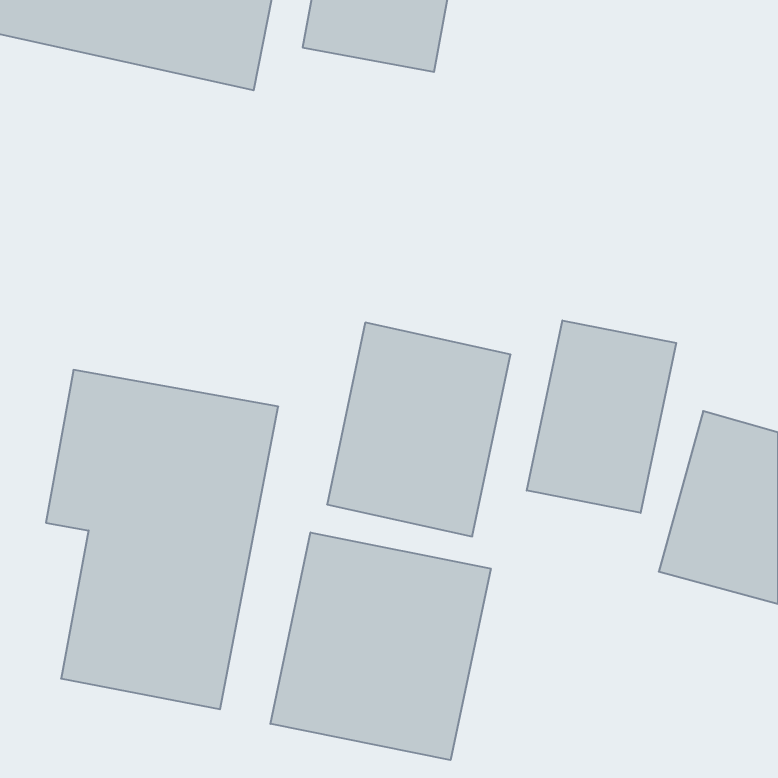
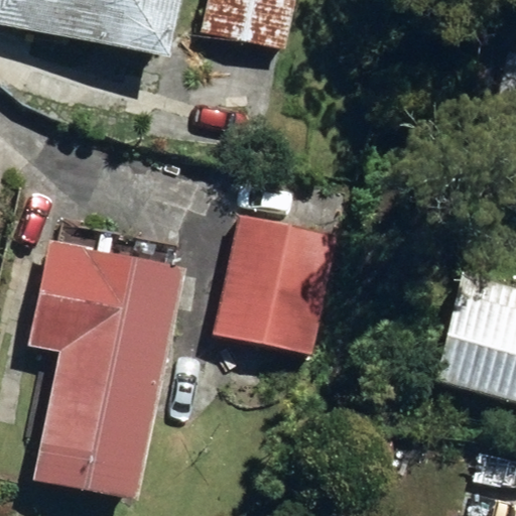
building: [527,320,676,513] -> none
building: [270,532,491,760] -> none

